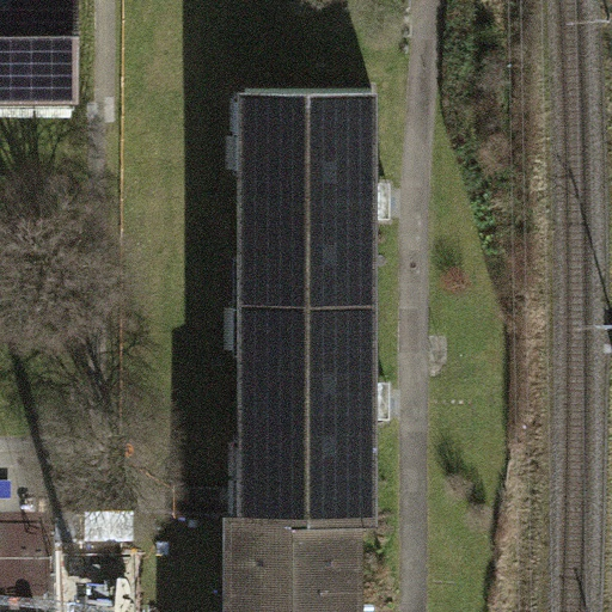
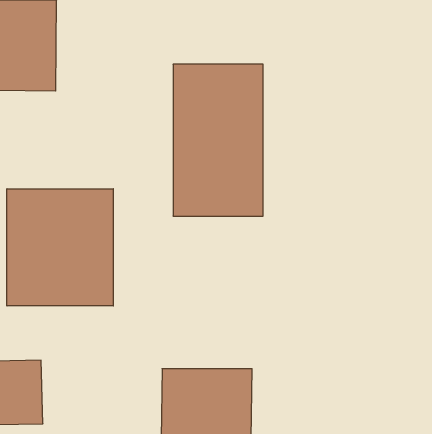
building: none -> [7,189,113,306]
building: [241,307,367,520] -> none

